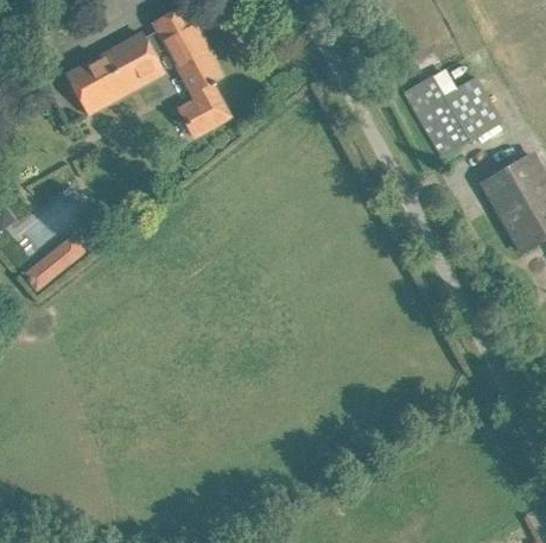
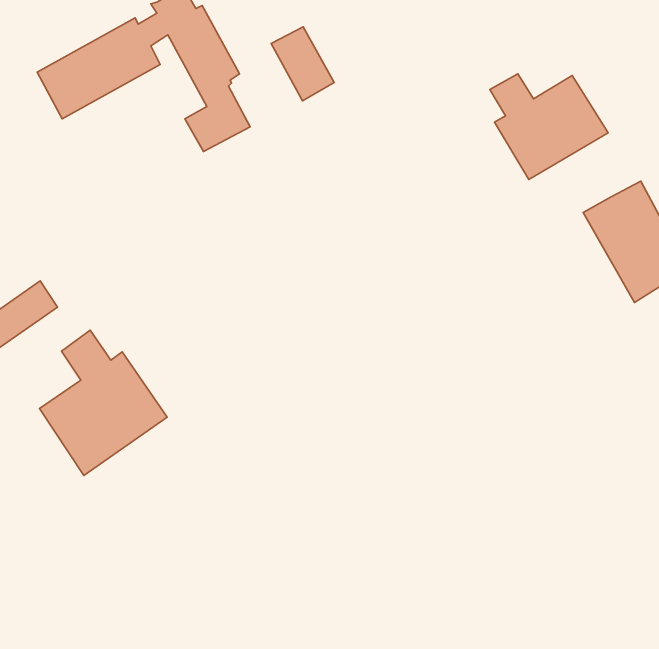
building: none -> [271,27,334,101]
building: none -> [39,330,167,475]

